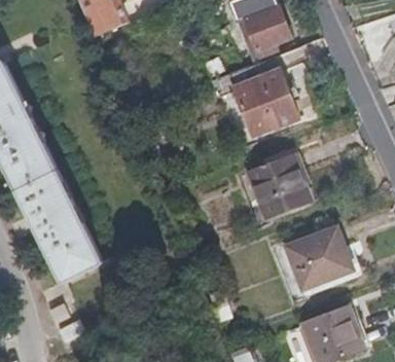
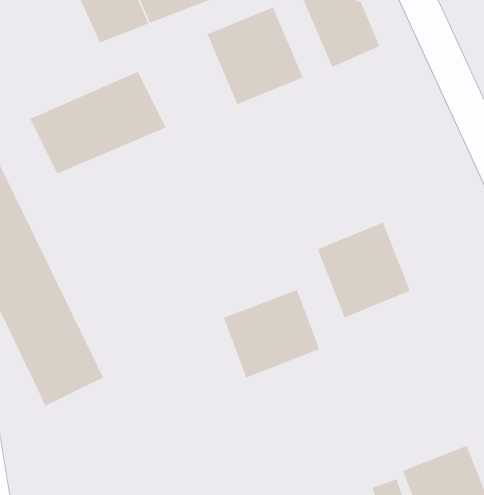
building: none -> [29,71,167,174]
building: [234,70,299,137] -> [207,6,304,105]
building: [287,226,353,287] -> [223,289,320,378]

